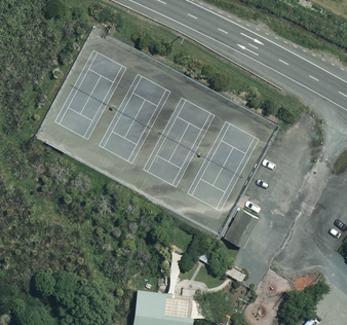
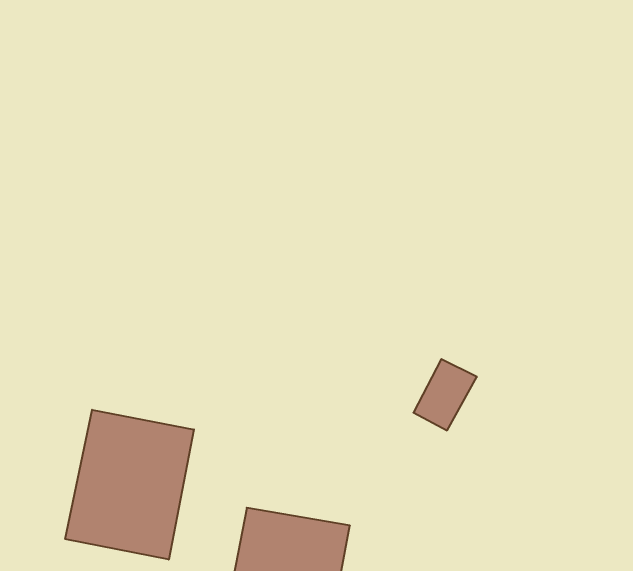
building: none -> [65,410,194,560]

